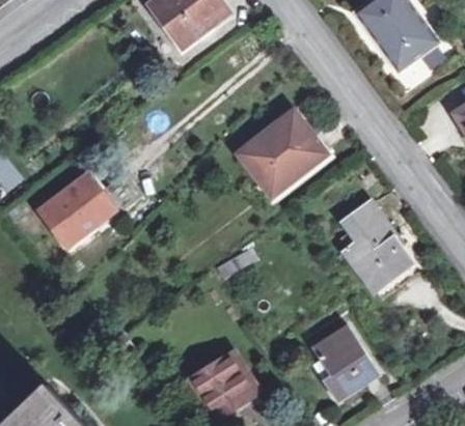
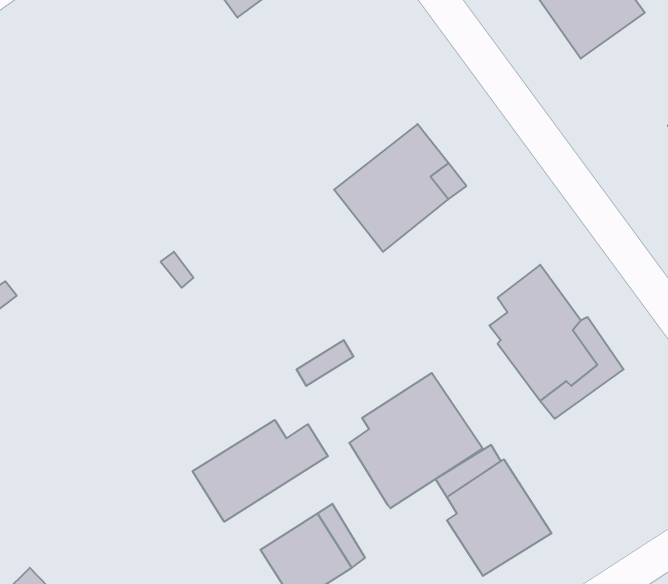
building: [40,176,113,247] -> none
building: none -> [349,373,483,508]
building: none -> [193,420,328,522]

